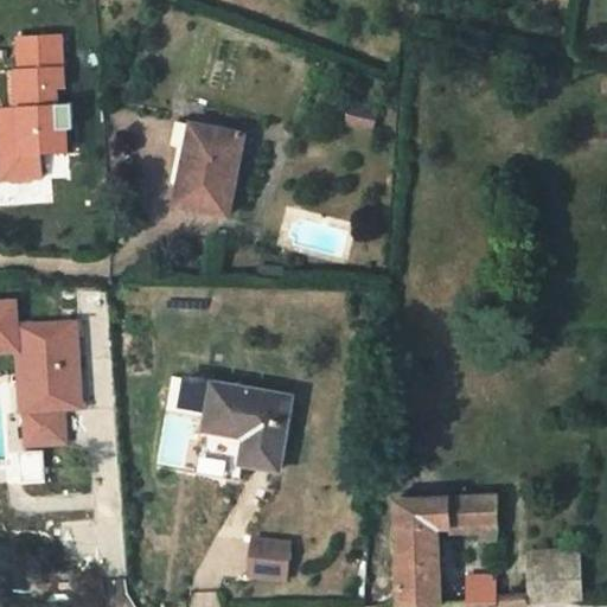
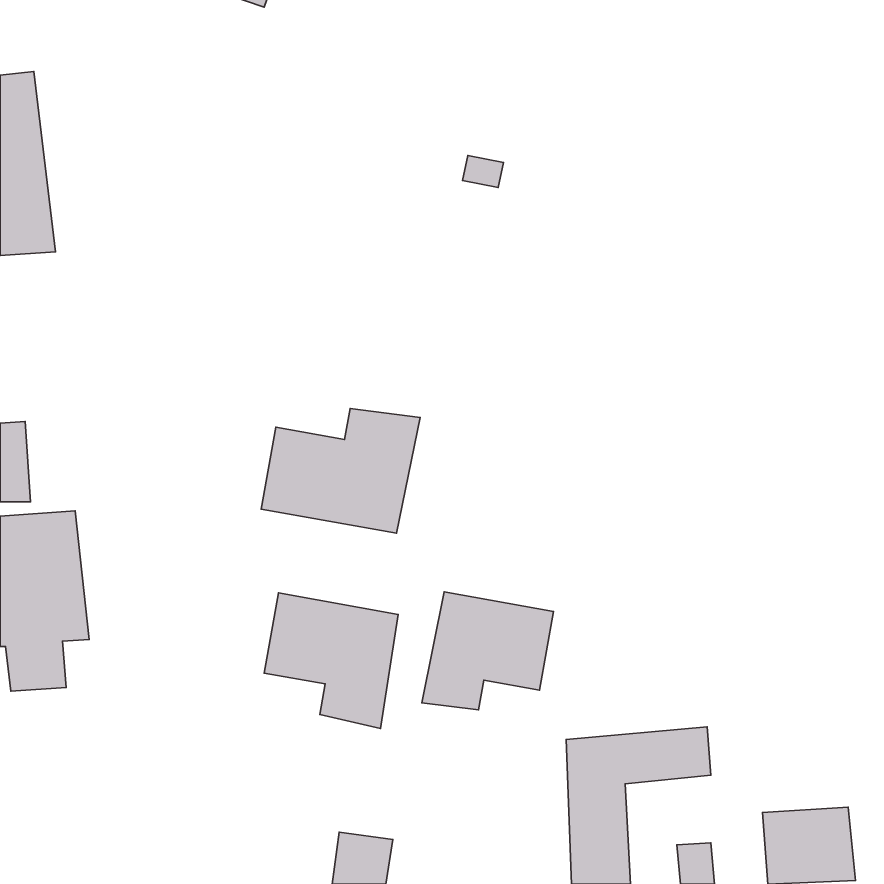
building: [162,134,226,224] -> none
building: none -> [261,409,420,533]
building: none -> [422,592,554,710]

